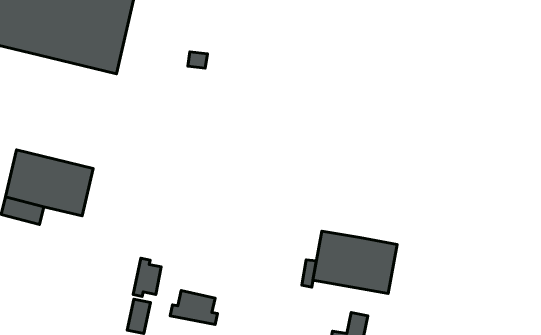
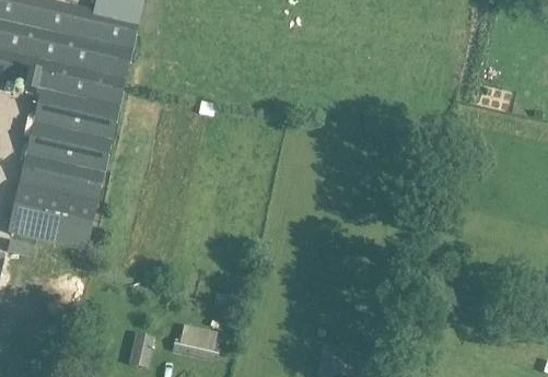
building: none -> [19,89,118,201]
building: [313,231,397,293] -> none
building: [133,258,161,296] -> none

